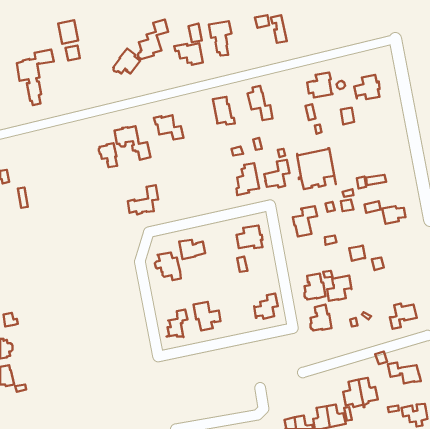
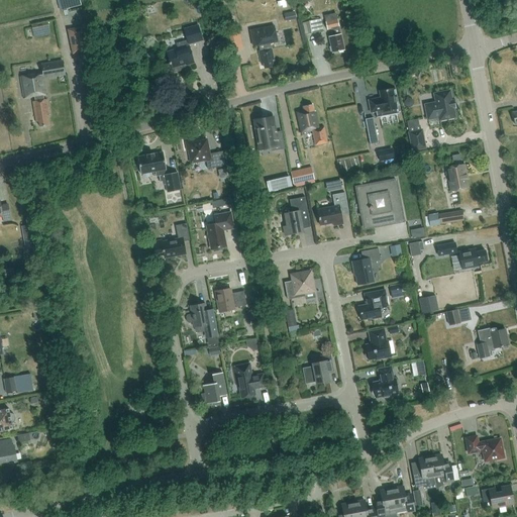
building: [174,43,203,65] -> none
building: [113,49,140,74] -> none
building: none -> [447,165,468,190]
building: [99,143,117,167] -> none
building: none -> [206,211,234,248]
building: [327,276,352,301] -> [358,289,388,319]
building: [390,304,417,329] -> [477,327,509,357]

